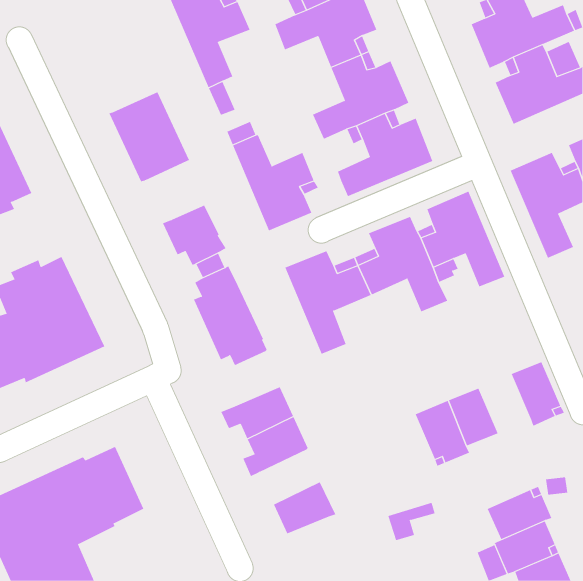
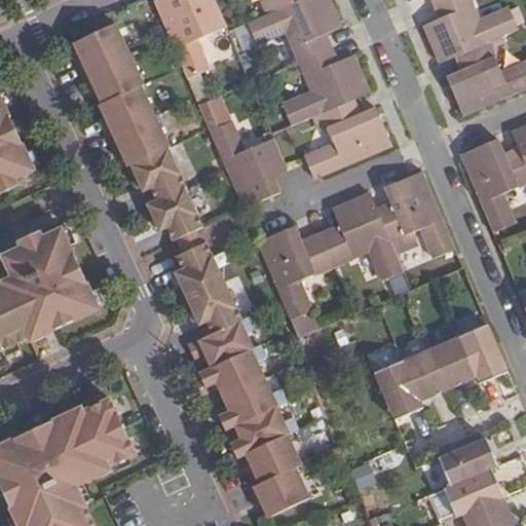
building: none -> [72,21,145,101]
building: none -> [130,145,186,197]
building: none -> [187,315,254,365]
building: none -> [430,336,477,389]
building: none -> [229,404,290,456]
building: none -> [253,464,310,515]

